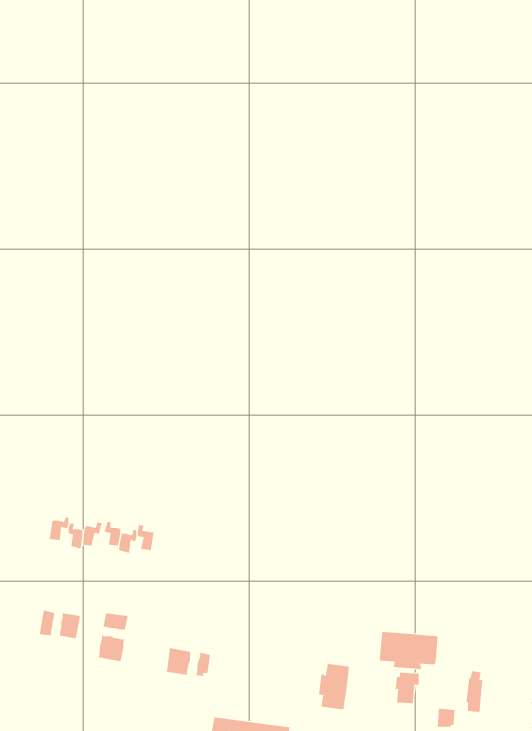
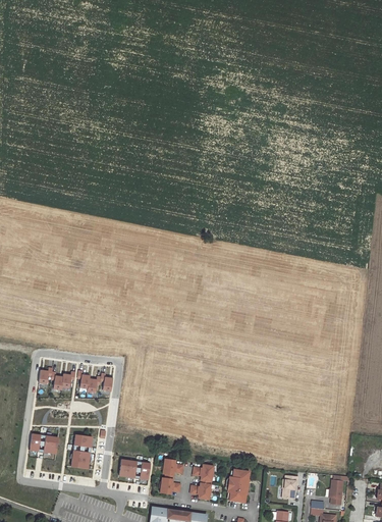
building: [379,631,438,670] -> none
building: none -> [161,460,182,494]
building: none -> [189,465,213,500]

